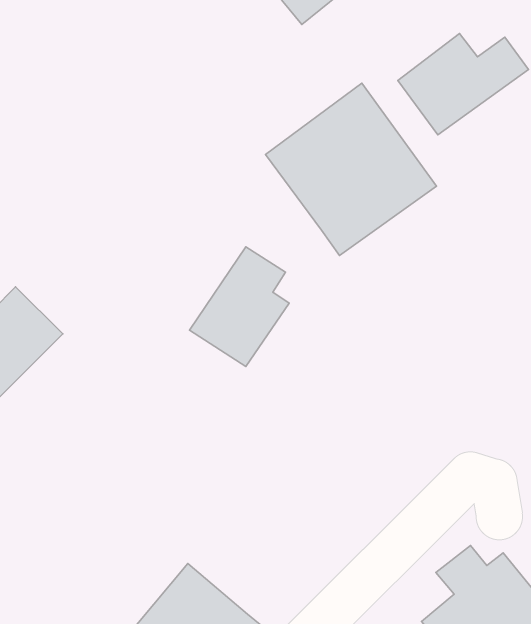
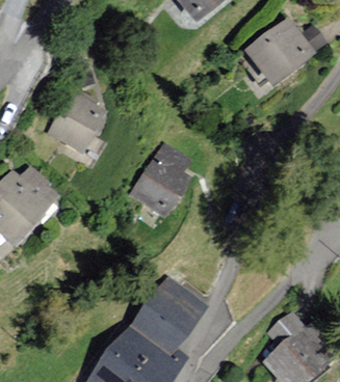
building: [265,83,436,255] -> none
building: none -> [48,93,102,149]
building: none -> [130,283,200,356]

